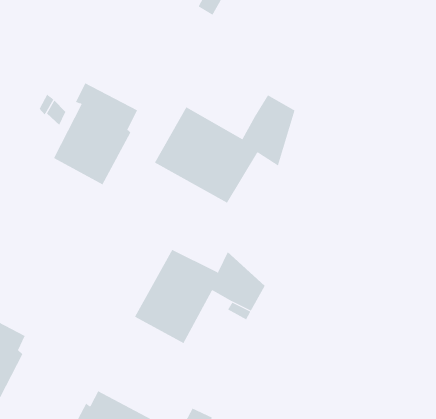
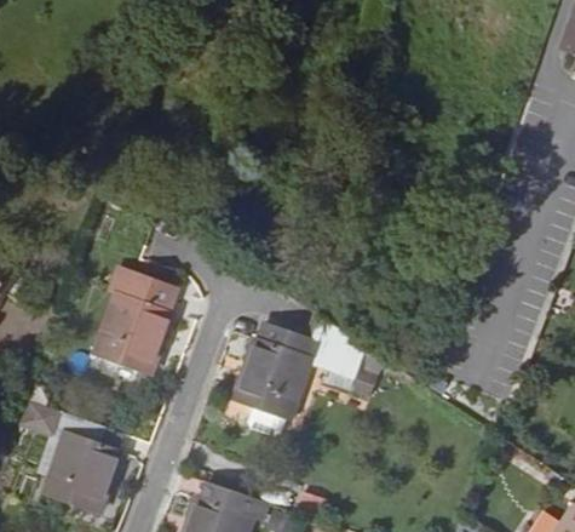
building: [53,83,138,185] -> [93,270,174,374]
building: [154,95,295,203] -> none

